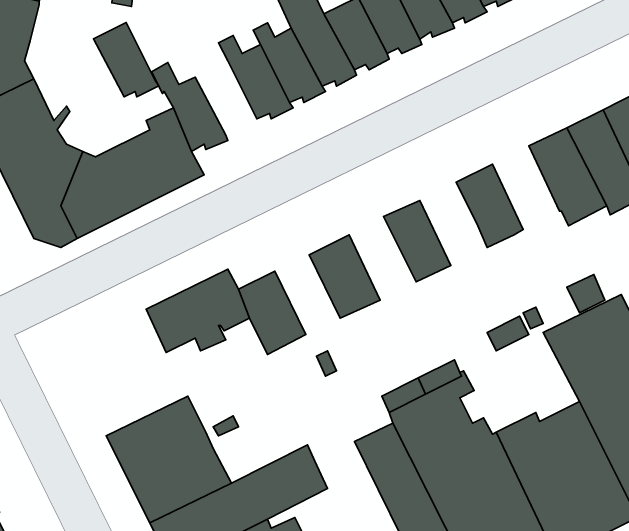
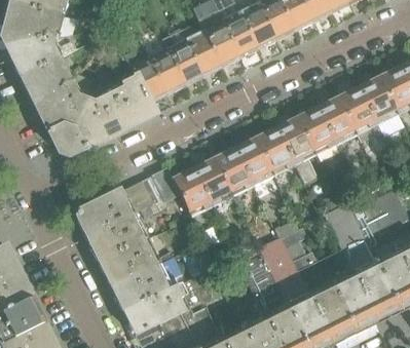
building: [93,22,159,97] -> [149,49,186,91]
building: none -> [318,98,356,145]
building: none -> [276,118,318,185]
building: none -> [236,138,274,185]
building: none -> [194,159,231,204]
building: none -> [77,190,145,262]

